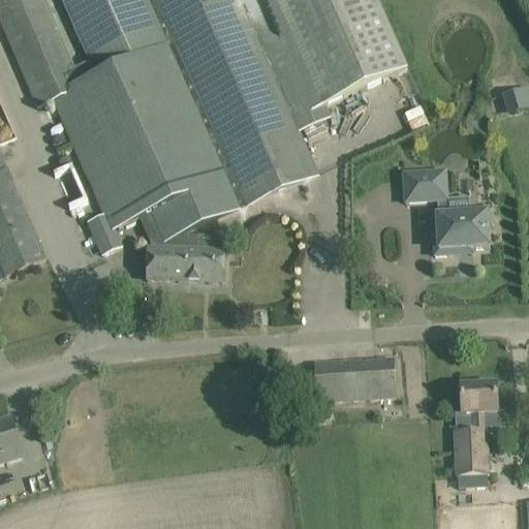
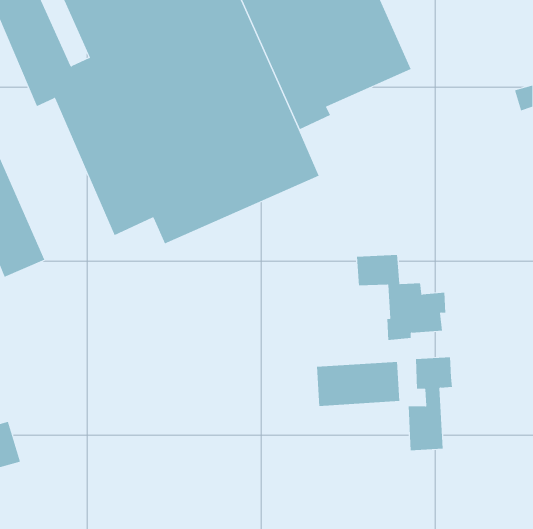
building: [402,169,491,254] -> [356,254,446,340]
building: [87,214,117,253] -> none
building: [146,232,222,280] -> none
building: [452,381,496,474] -> [408,357,453,451]

